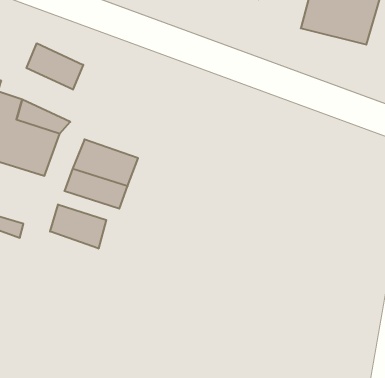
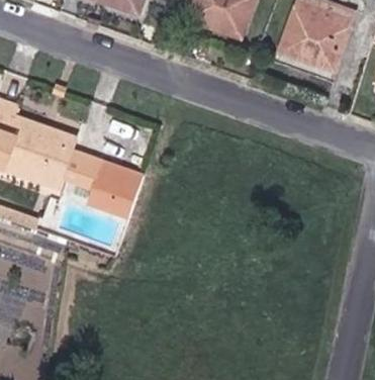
building: [26,43,83,90] -> none
building: [50,204,106,249] -> none

